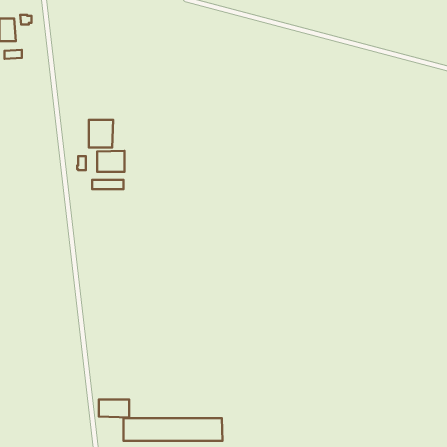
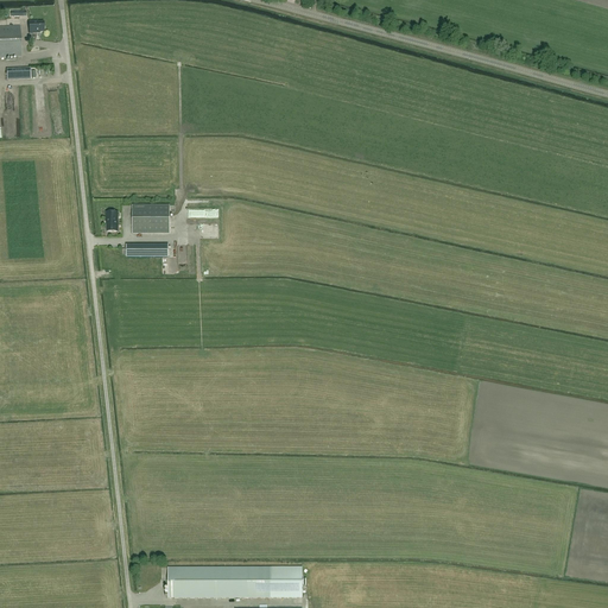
building: [89,120,113,148] -> none
building: [99,399,129,417] -> none

